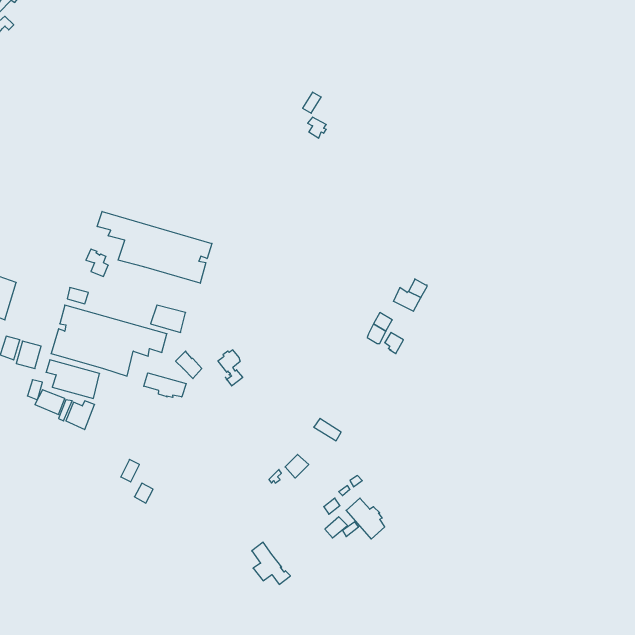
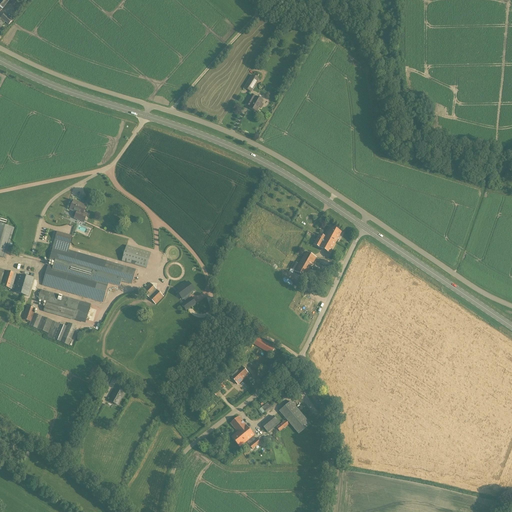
building: [97,211,212,283] -> none
building: [144,373,186,397] -> none
building: [252,542,290,584] -> [229,415,260,449]

